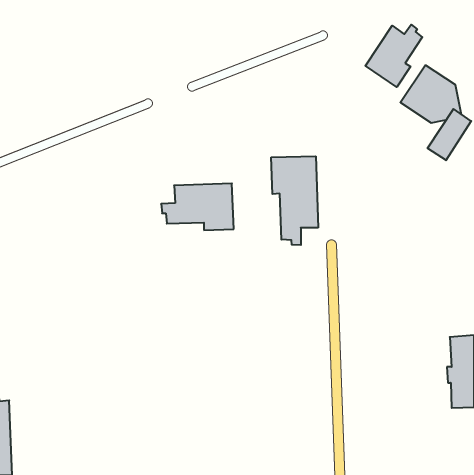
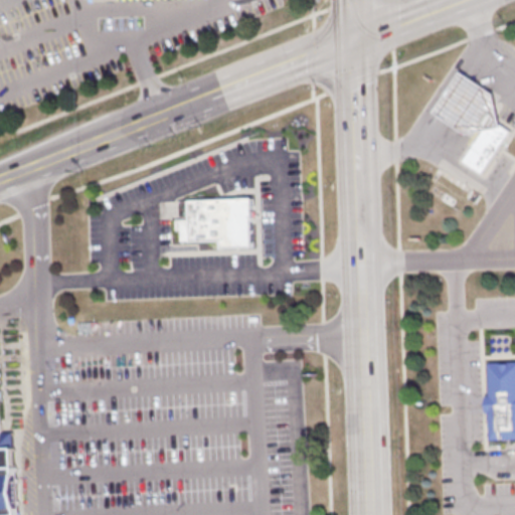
building: [365,25,422,87] -> none
building: [271,156,318,245] -> none

